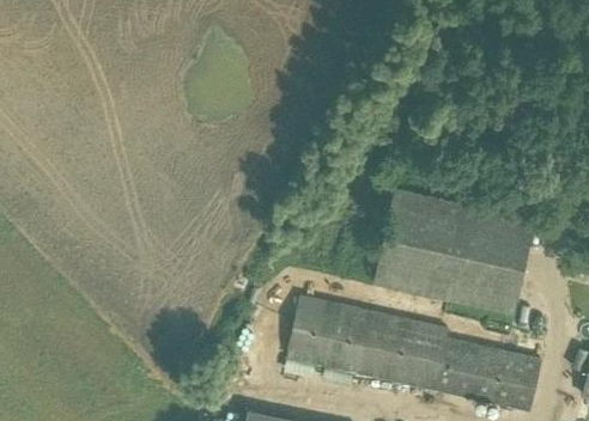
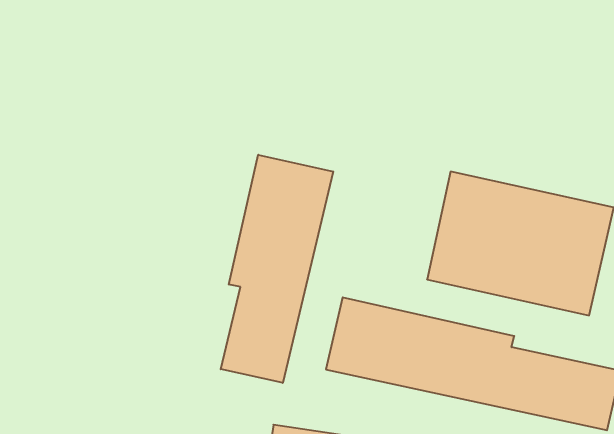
building: none -> [221,155,333,383]

